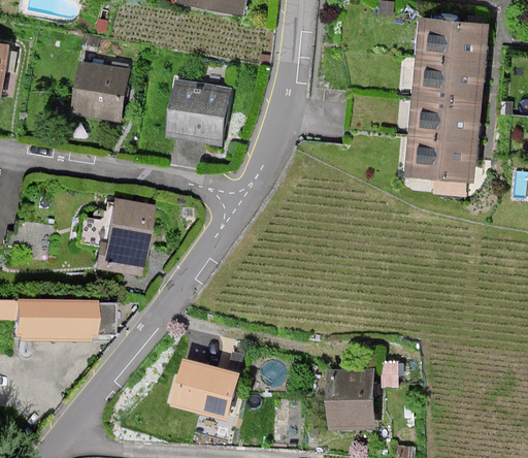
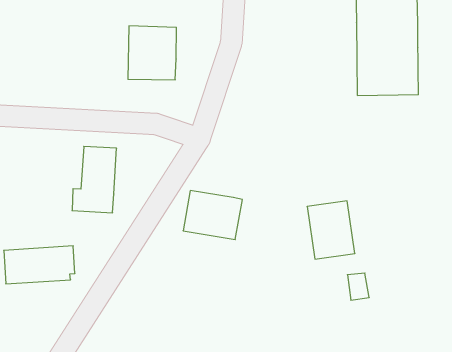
building: [74,63,125,118] -> none
building: [172,361,237,417] -> [183,191,242,240]
building: [328,371,373,429] -> [307,201,355,259]

